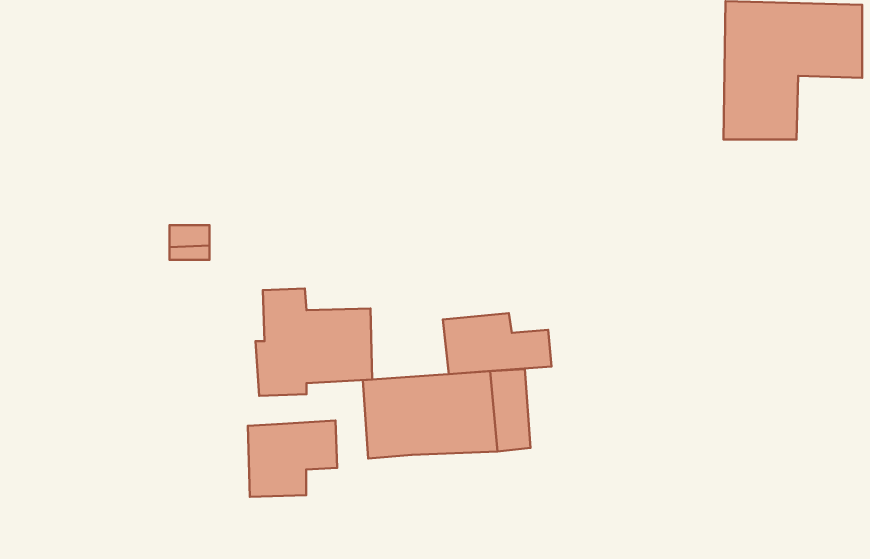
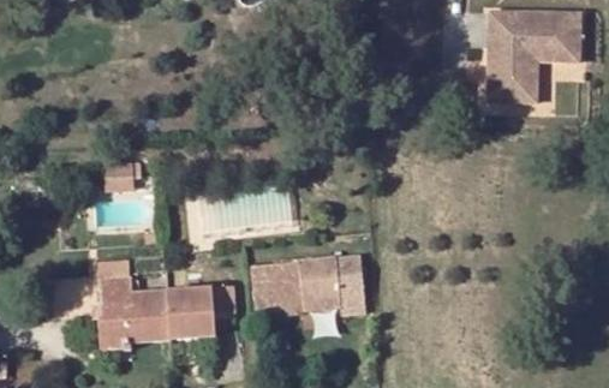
building: [256,288,372,396] -> [98,279,175,350]
building: [443,313,551,374] -> none

